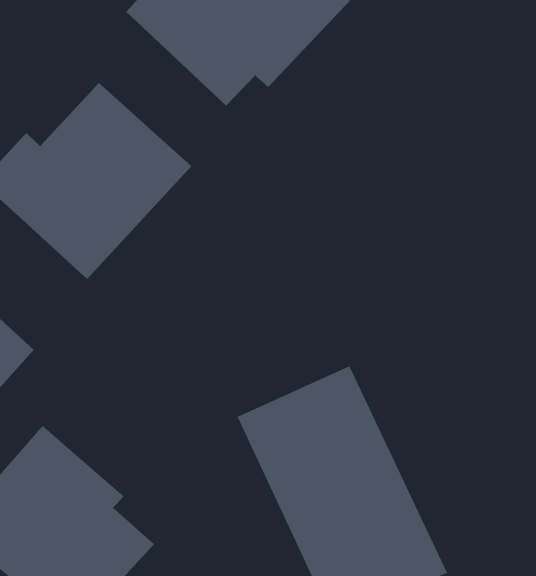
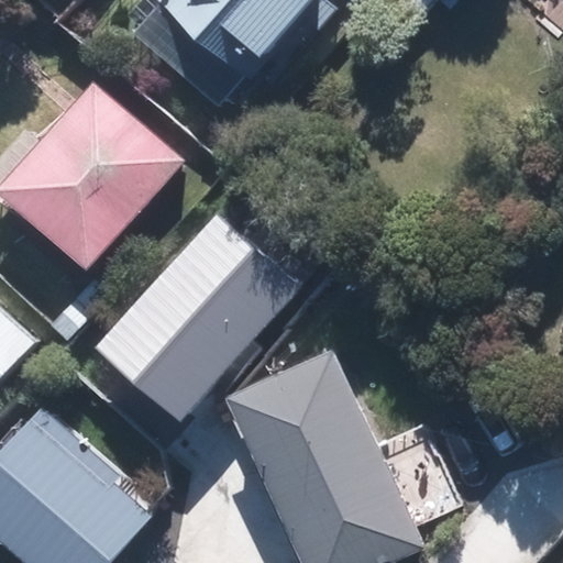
building: none -> [91,210,296,420]

